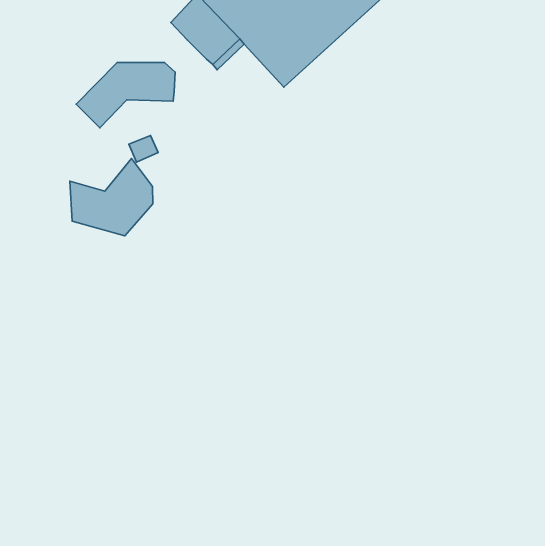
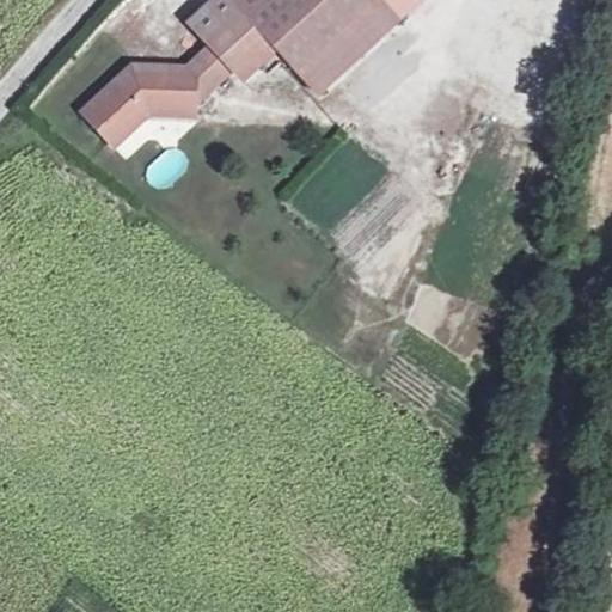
building: none -> [183,44,230,102]
building: [70,159,153,236] -> none

